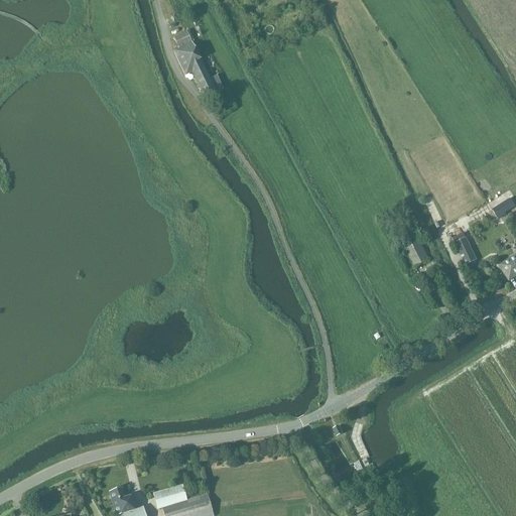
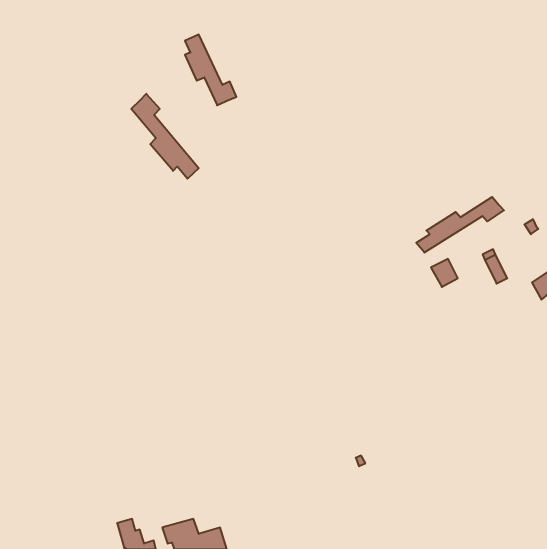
building: none -> [131,94,199,179]
building: none -> [416,197,504,253]

